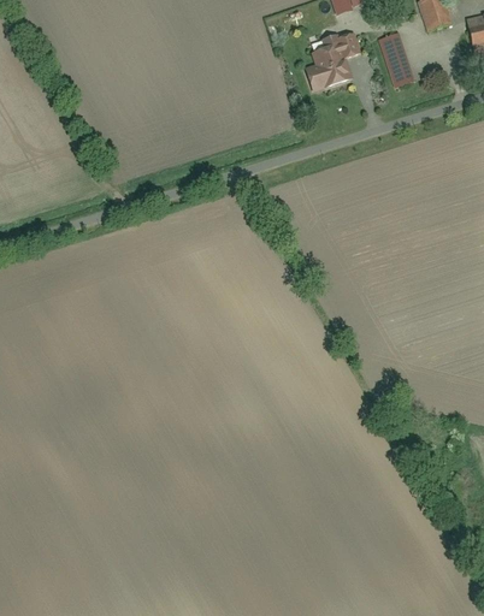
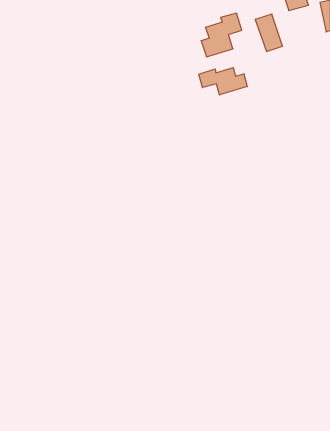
building: none -> [199,68,247,95]

